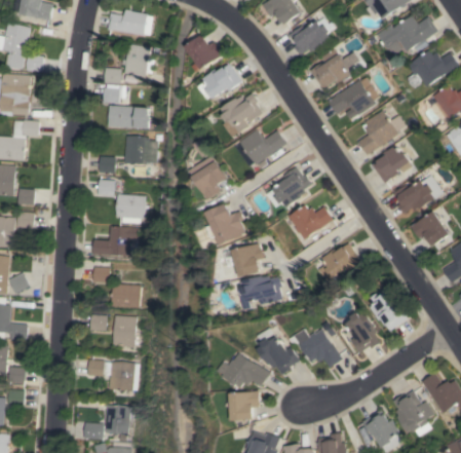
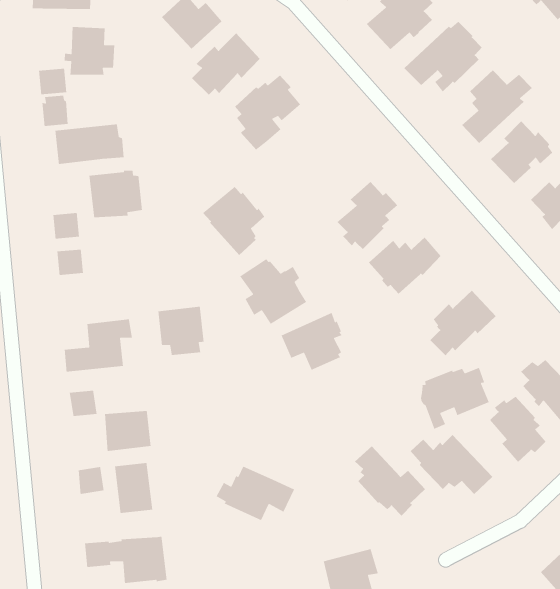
building: [239,129,286,164] -> none
building: [116,194,144,224] -> [157,306,204,356]
building: [240,275,282,310] -> [420,367,490,430]
building: [224,353,273,389] -> [216,465,295,521]

